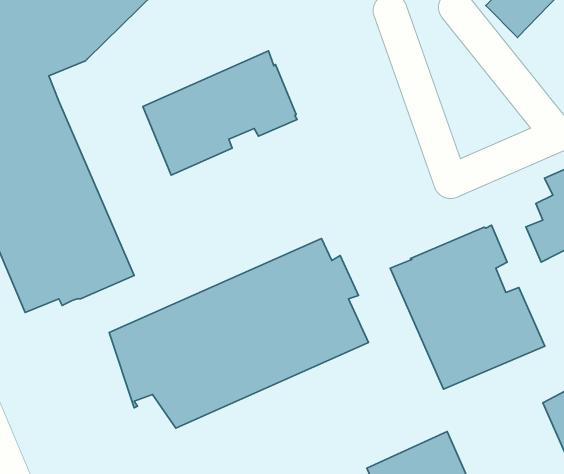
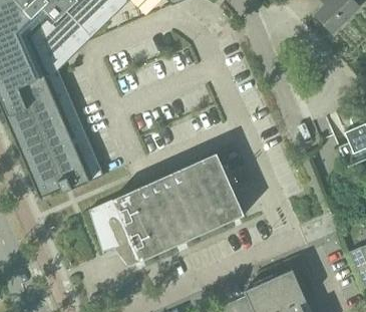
building: [143,51,297,175] -> none
building: [390,225,545,389] -> none

